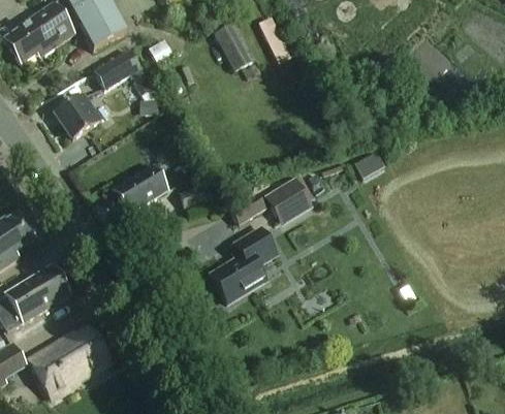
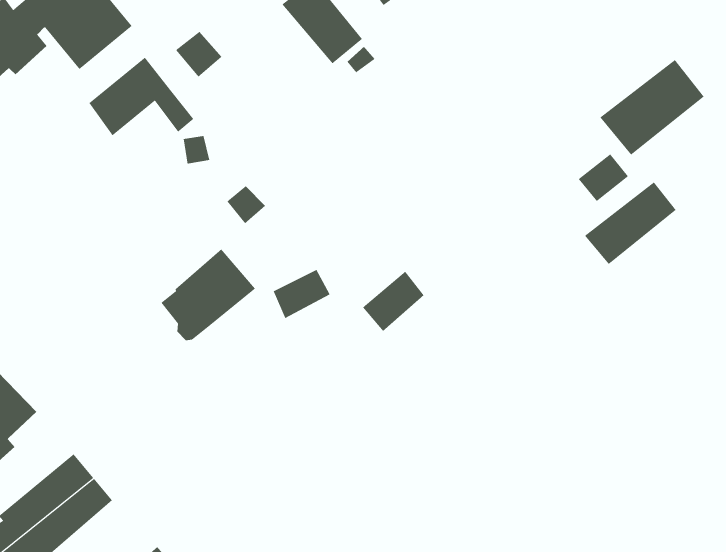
building: [54,91,101,137] -> none
building: none -> [599,59,704,156]
building: none -> [584,181,677,265]
building: [263,177,308,219] -> none
building: [209,228,276,302] -> none

